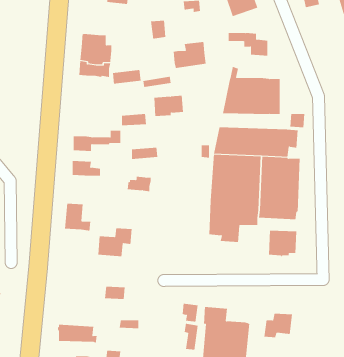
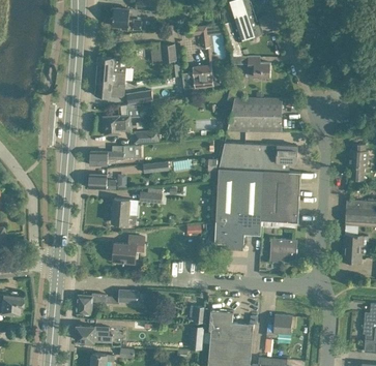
building: [153,95,184,117] -> [103,115,131,134]
building: [64,203,91,231] -> [111,199,136,224]
building: none -> [75,294,112,314]

